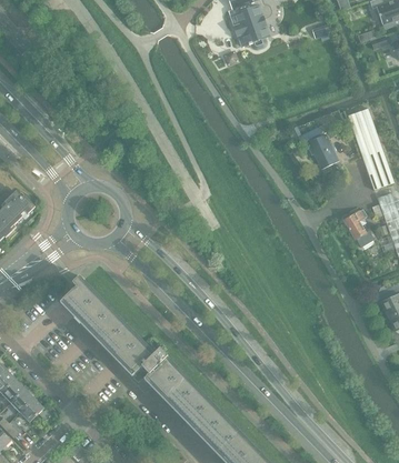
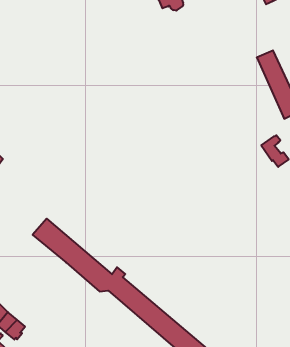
building: [303,121,336,169] -> none

